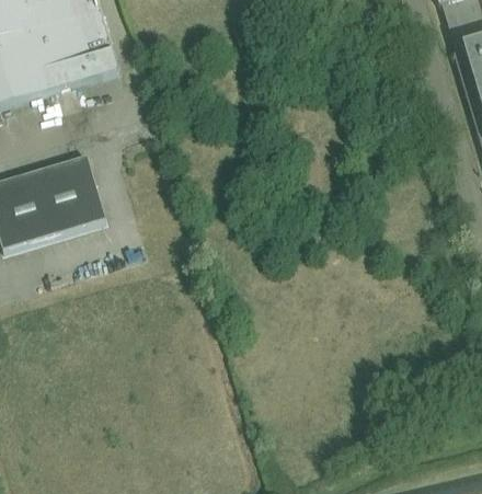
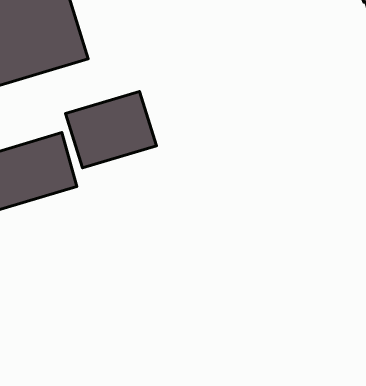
building: none -> [66,91,156,168]

